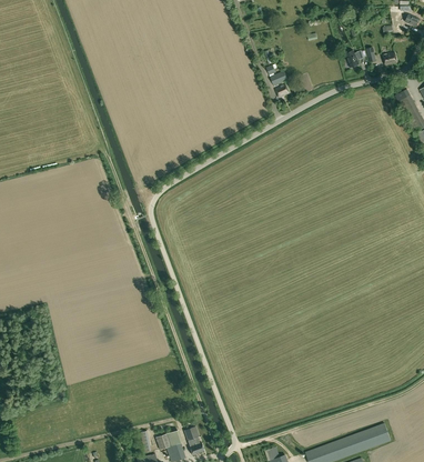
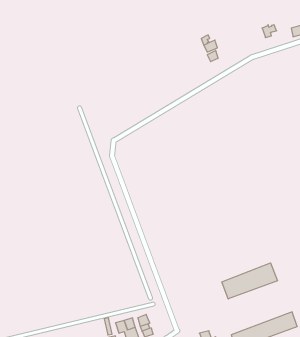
building: none -> [222,263,277,299]

